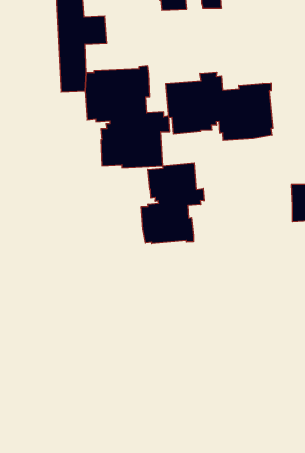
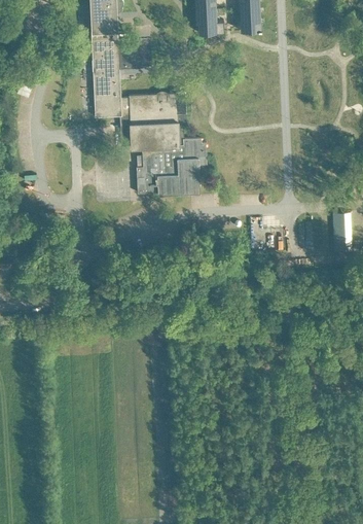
building: [166,72,273,140] -> none
building: [141,163,204,244] -> none

